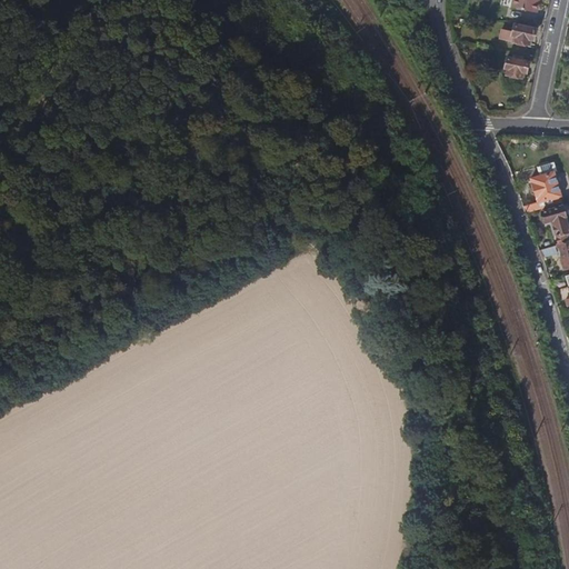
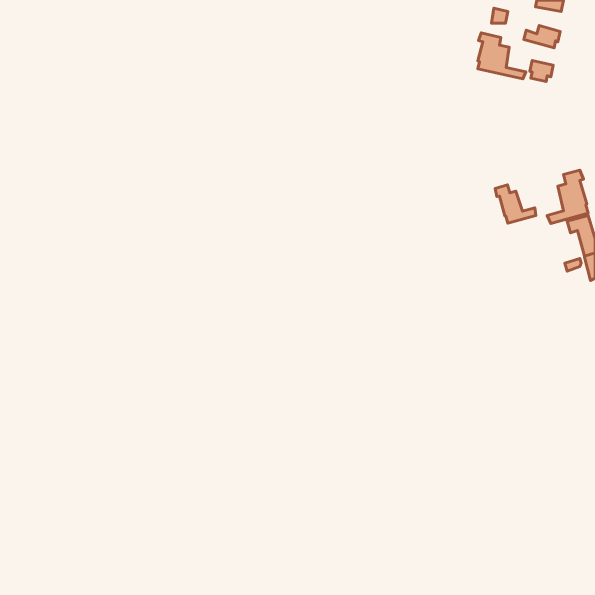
building: none -> [478,33,526,79]
building: none -> [495,185,536,223]

